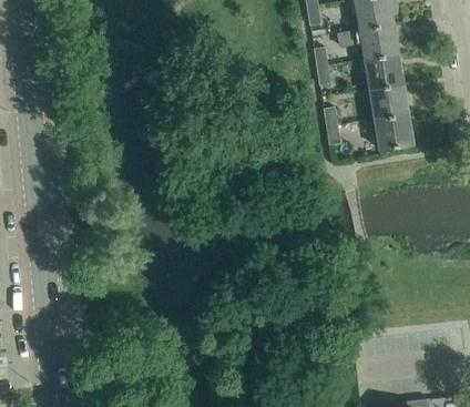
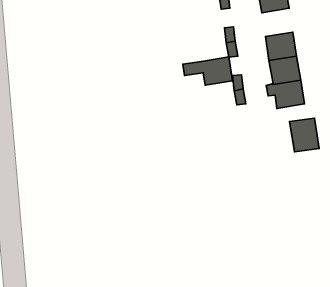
building: [337,23,399,59] -> [183,57,233,85]
building: none -> [290,118,319,152]

